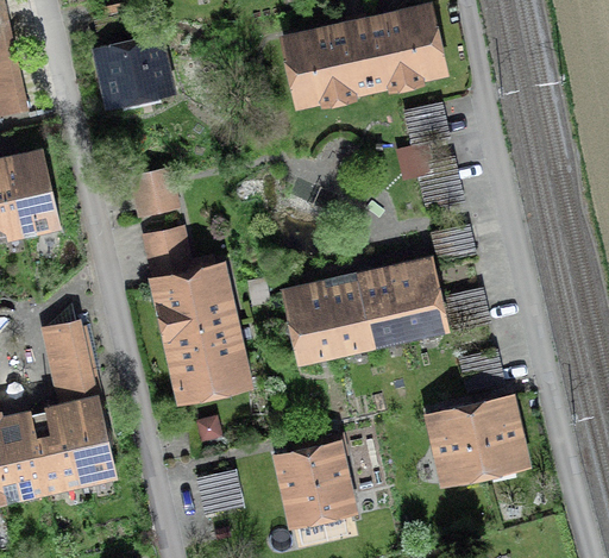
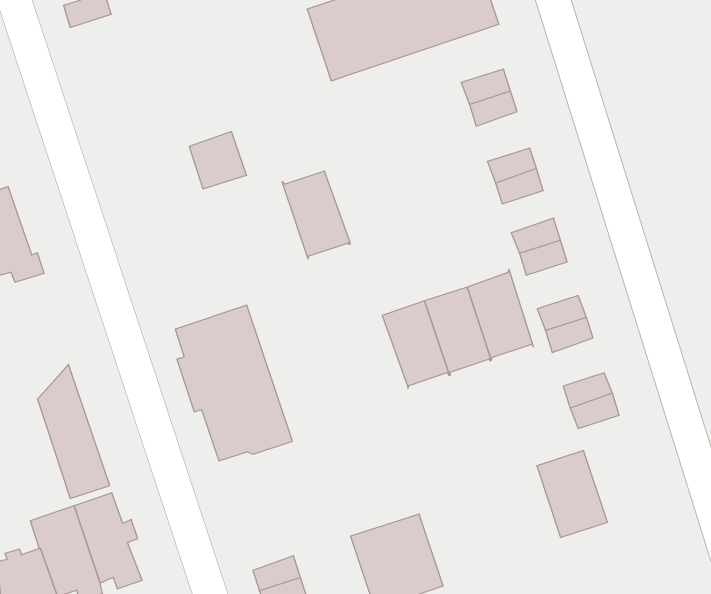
building: [102,40,165,98] -> none
building: [133,169,176,212] -> [189,132,247,189]
building: [146,227,189,270] -> none
building: [289,287,338,355] -> [282,171,350,259]
building: [471,401,522,468] -> none

